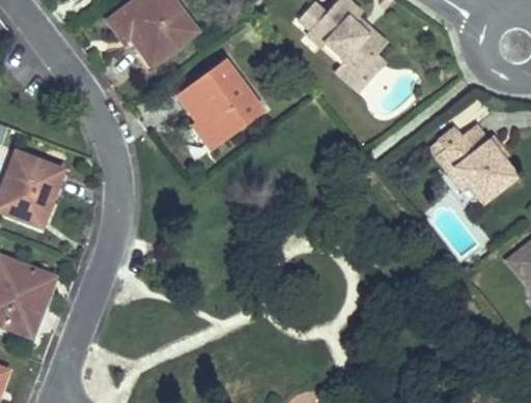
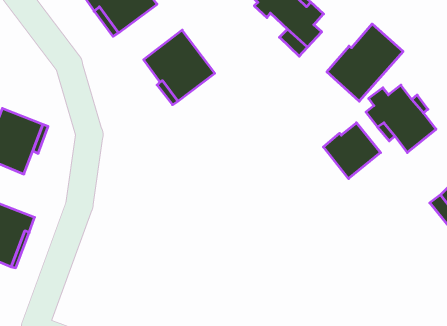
building: none -> [327,24,403,101]
building: none -> [323,123,381,179]

